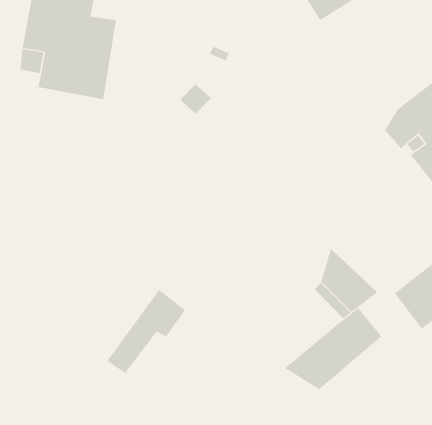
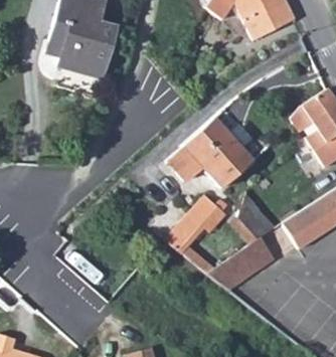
building: none -> [166,119,251,188]
building: [106,289,186,374] -> [165,195,222,250]

